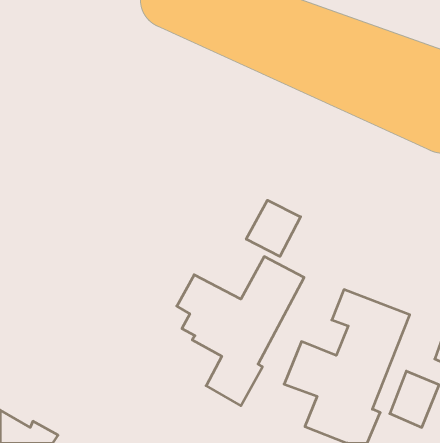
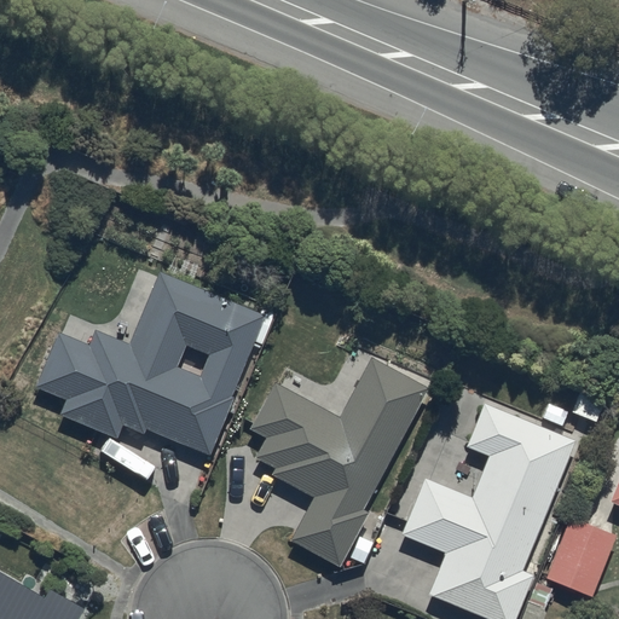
building: none -> [36,271,265,455]
building: [246,200,301,256] -> none

